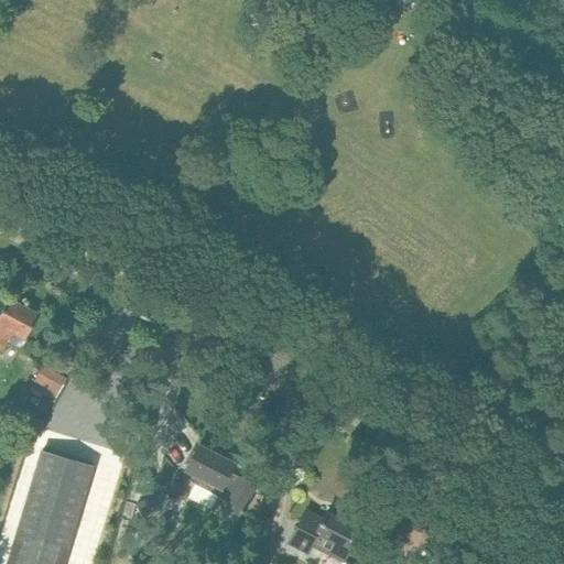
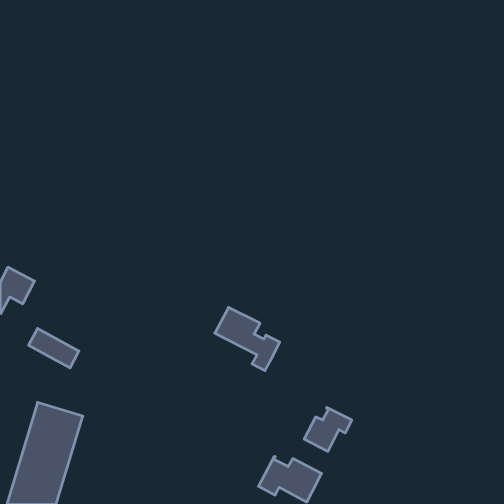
building: [183,446,256,517] -> [215,307,280,371]
building: none -> [304,407,352,451]

